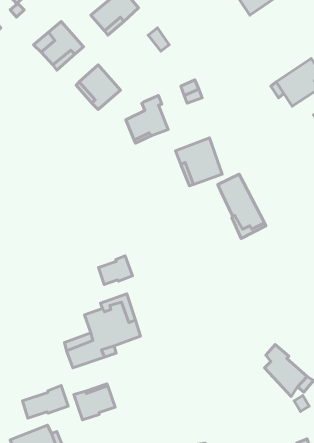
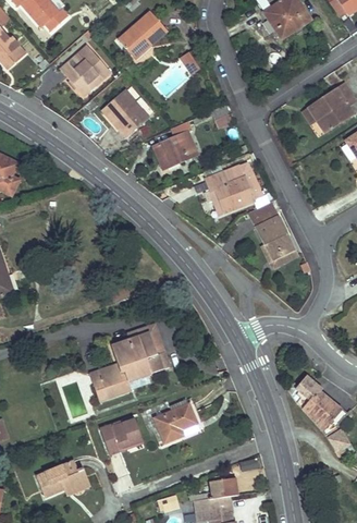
building: [99,256,132,284] -> none
building: none -> [156,404,196,442]
building: [22,386,68,418] -> none

